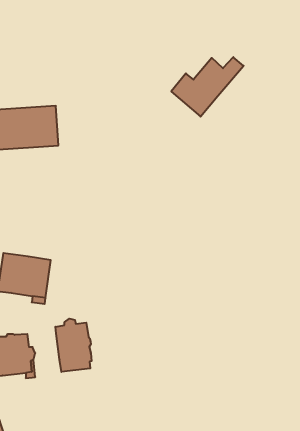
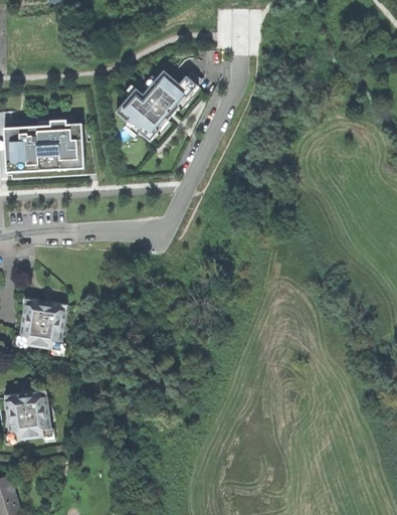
building: [171,57,244,117] -> [117,71,201,141]
building: [55,319,92,372] -> none

